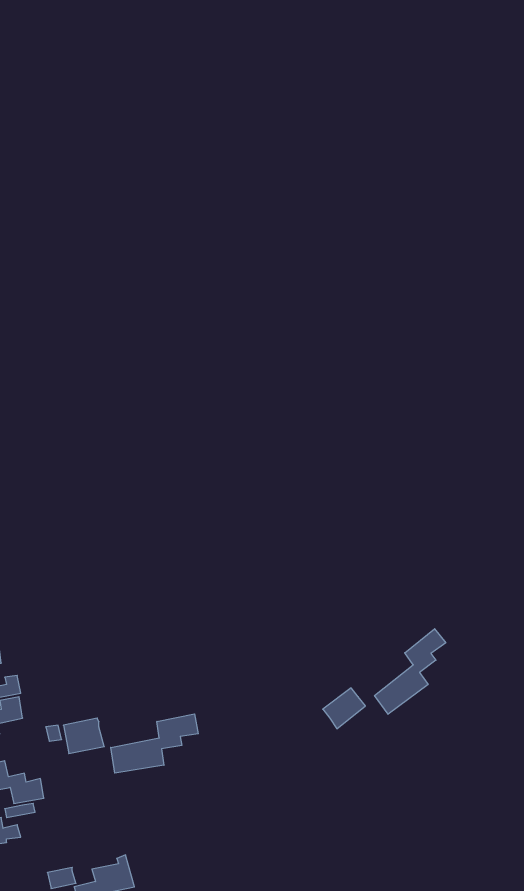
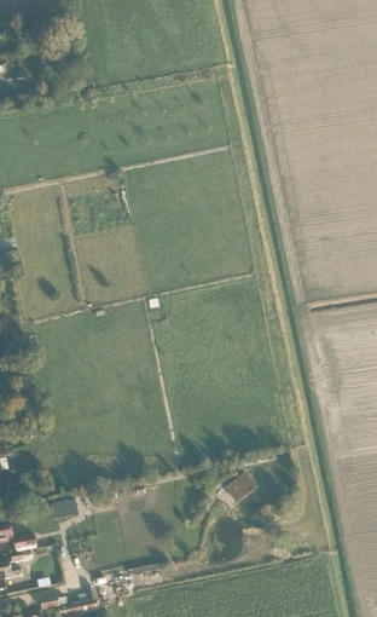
building: [375,629,446,714] -> none
building: [111,714,198,773] -> none

